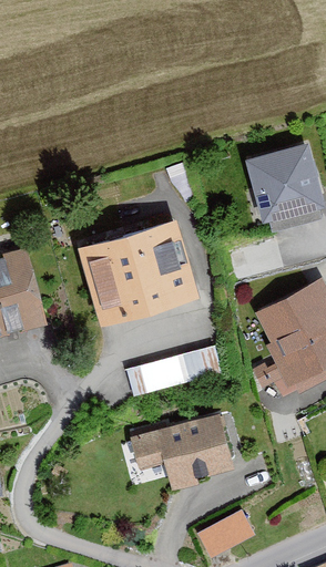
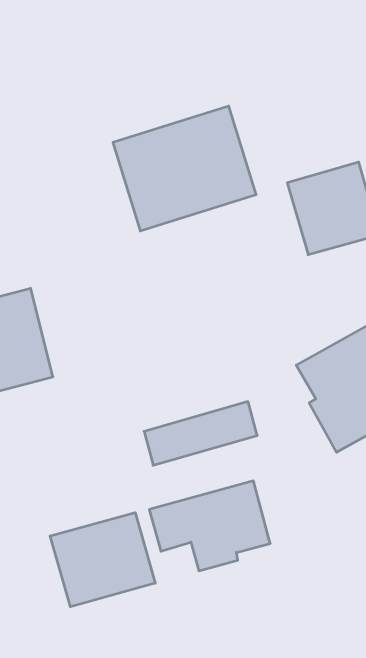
building: [78,216,200,322] -> [113,106,256,231]
building: none -> [50,513,155,607]
building: [197,512,252,558] -> none

